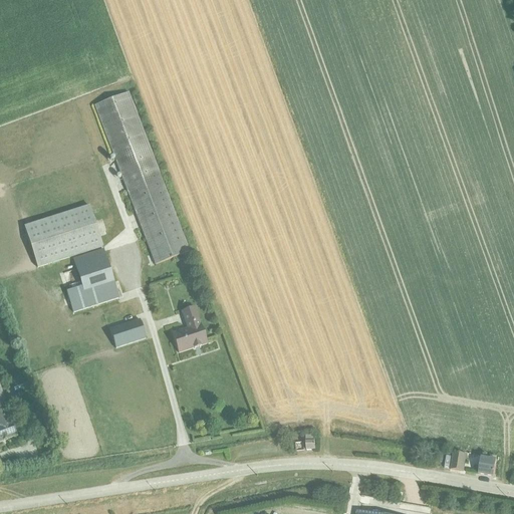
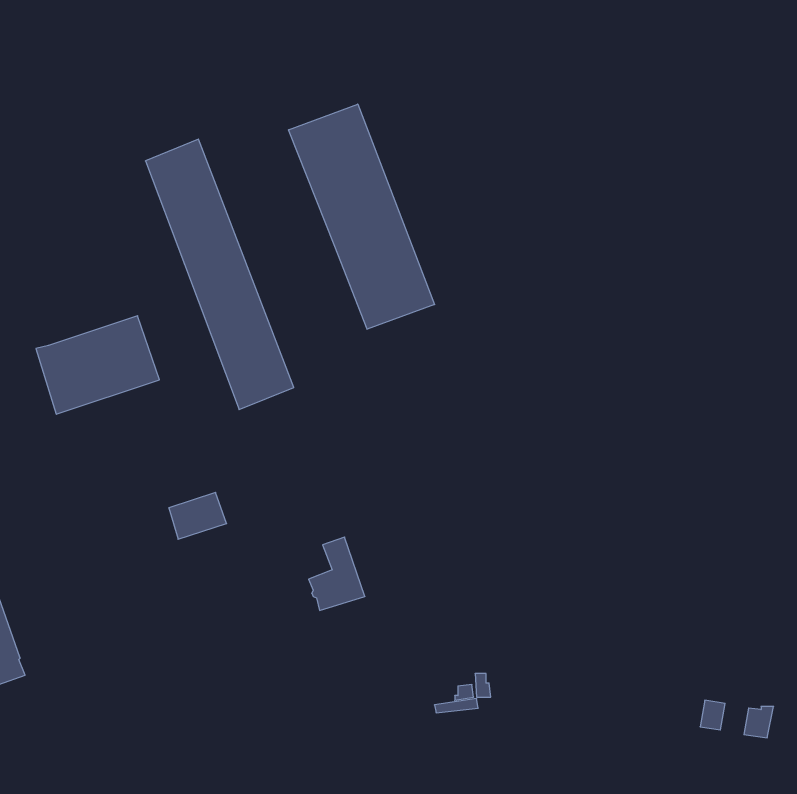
building: none -> [289,104,435,329]
building: [65,246,118,310] -> none
building: [171,304,207,351] -> [309,537,365,610]

